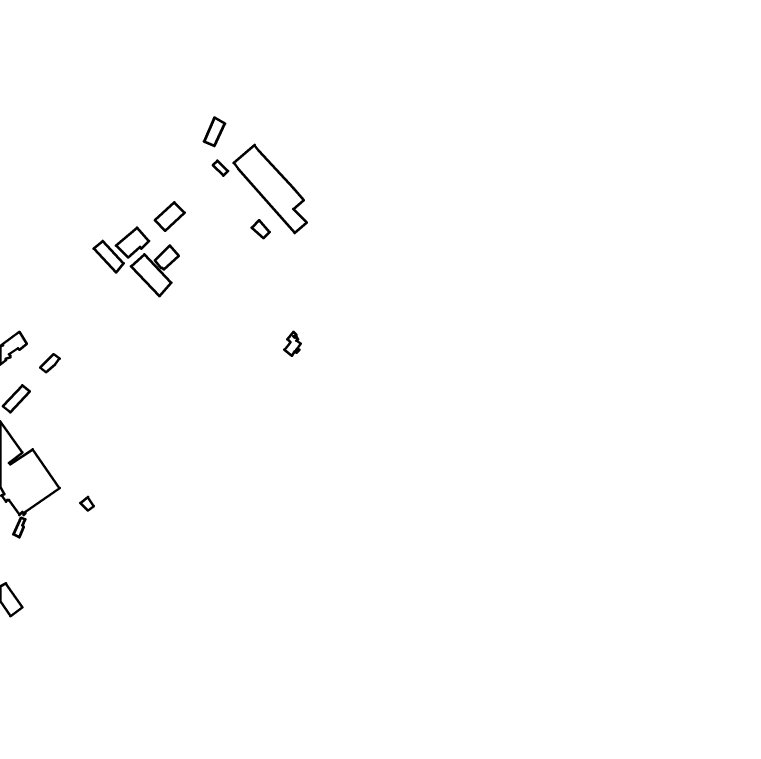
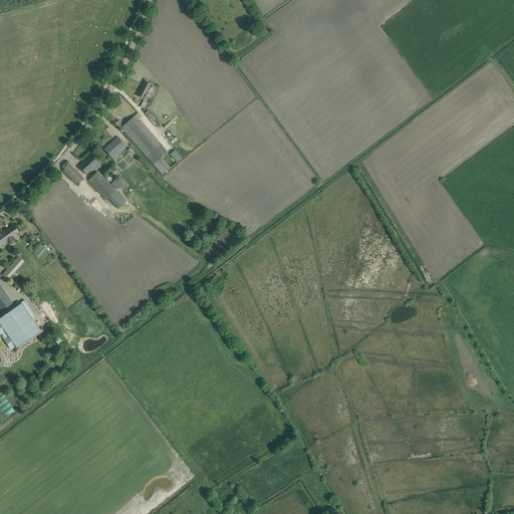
building: [234,145,307,233] -> [121,114,171,174]

